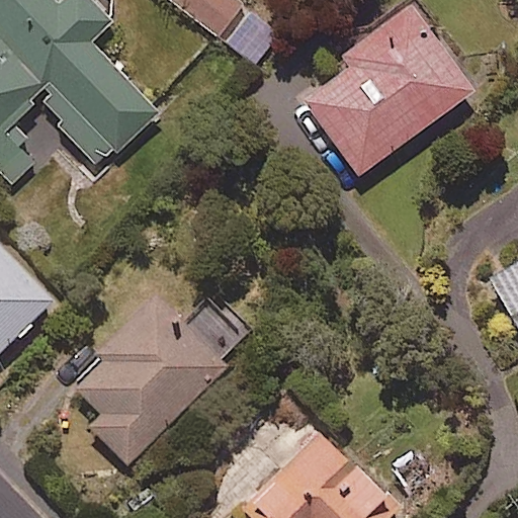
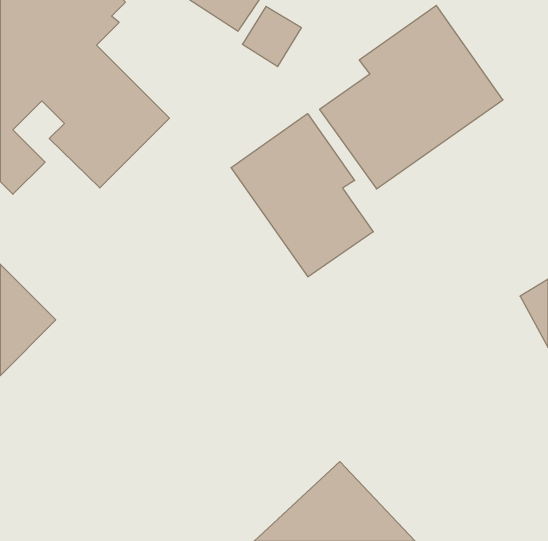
building: none -> [231,114,373,277]
building: [63,289,257,462] -> none

